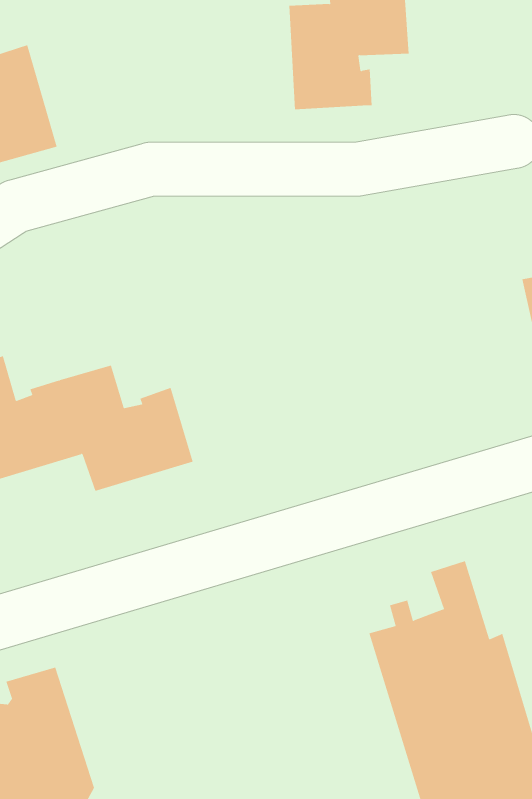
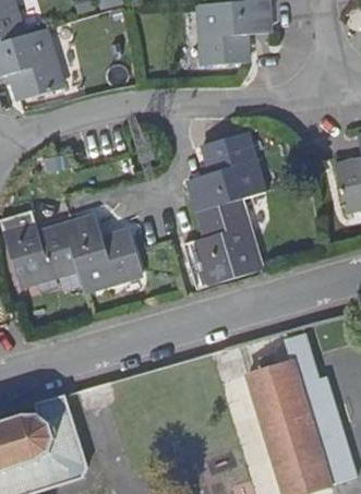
building: none -> [184,134,264,289]

